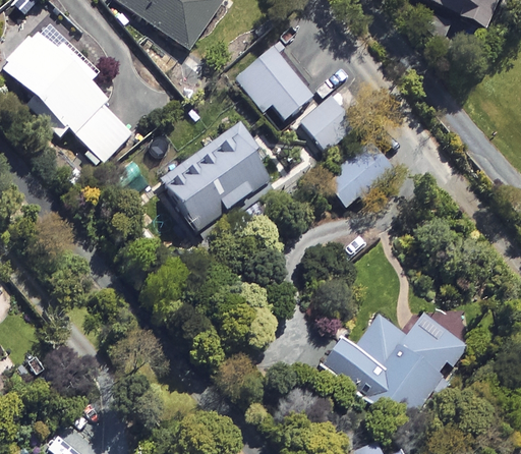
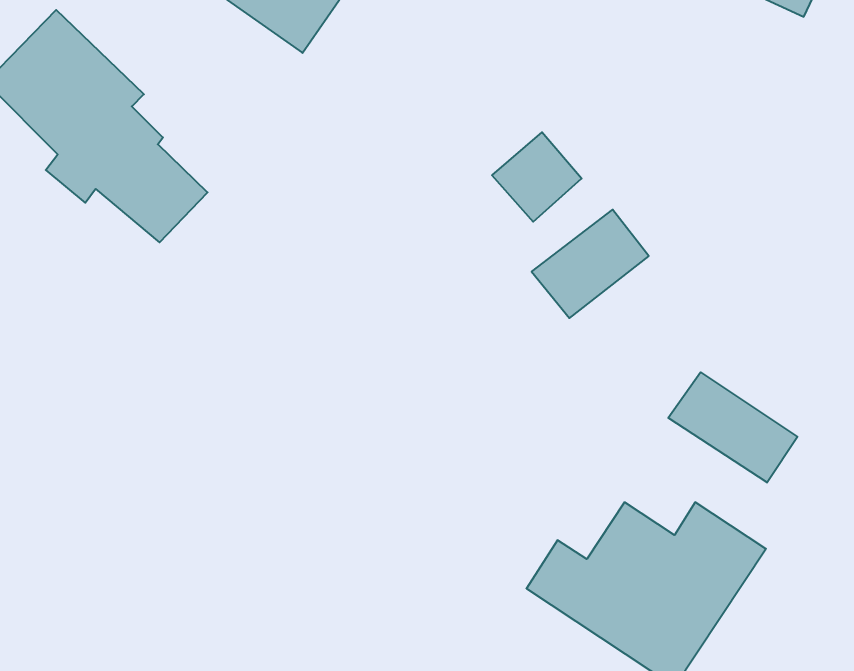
building: [236,46,312,117] -> none
building: [162,121,270,234] -> none
building: none -> [668,372,797,483]

